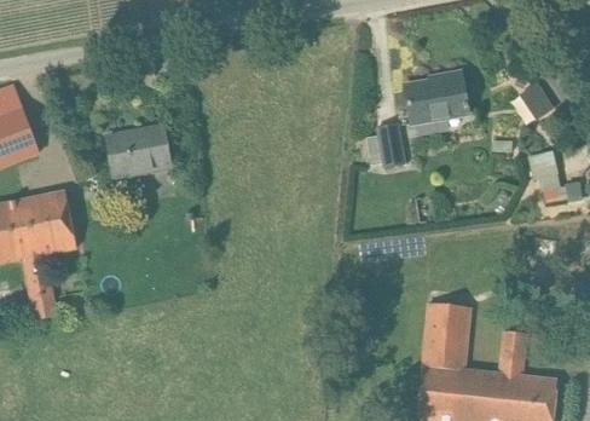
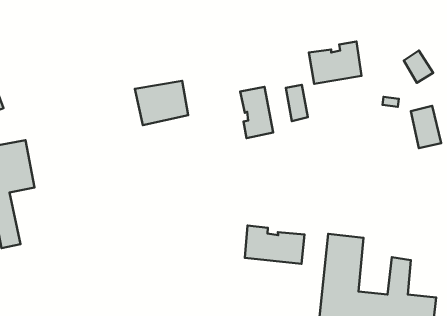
building: none -> [240,87,273,138]
building: [106,126,170,179] -> [135,81,188,125]
building: none -> [245,225,304,264]

